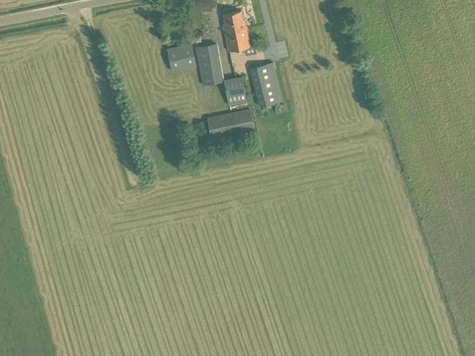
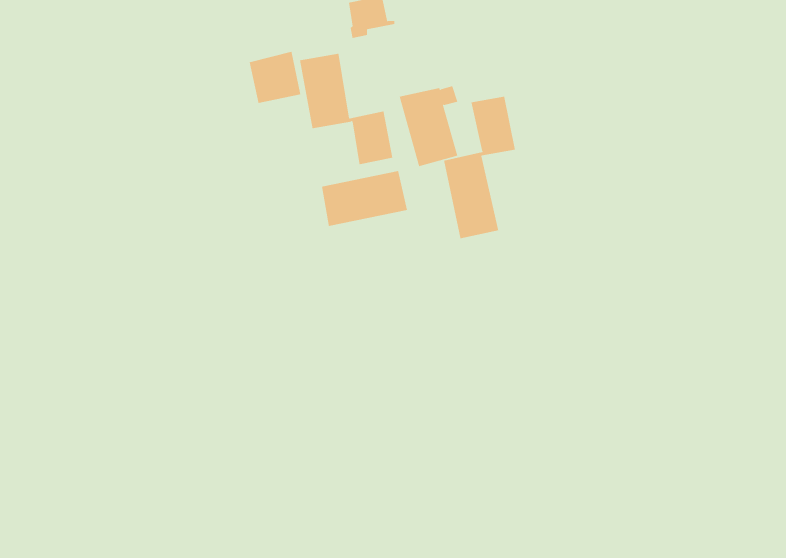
building: [223,27,251,51] -> none
building: none -> [443,96,516,239]

